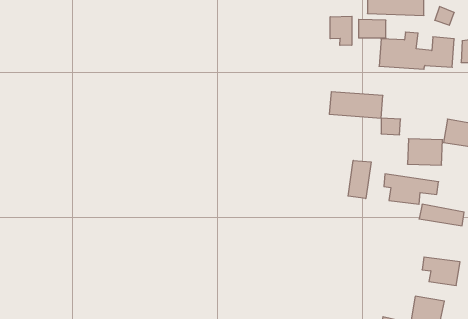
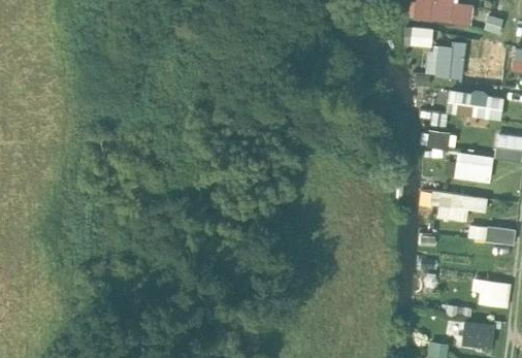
building: [330,16,352,45] -> none
building: [329,92,383,118] -> [447,90,503,118]
building: [348,160,371,199] -> none

